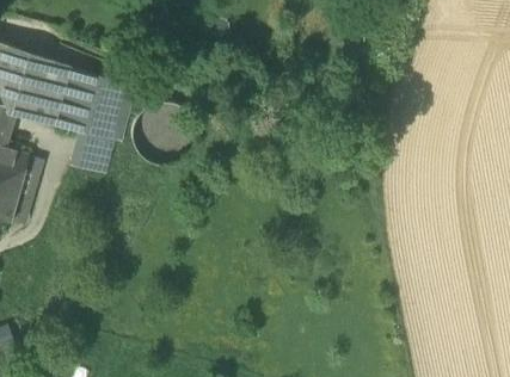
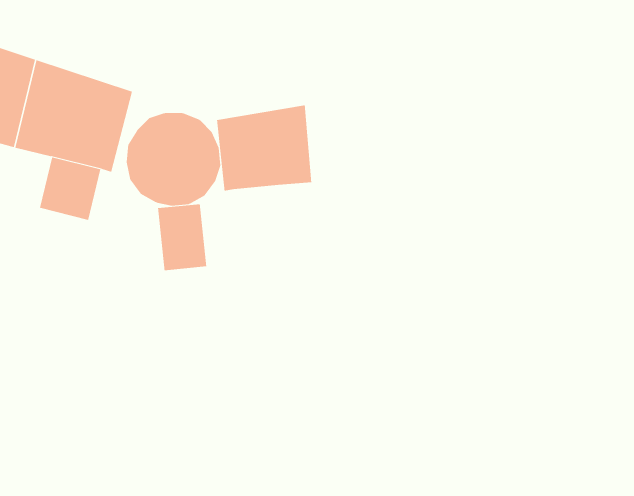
building: none -> [216,105,312,192]
building: none -> [157,203,207,271]

